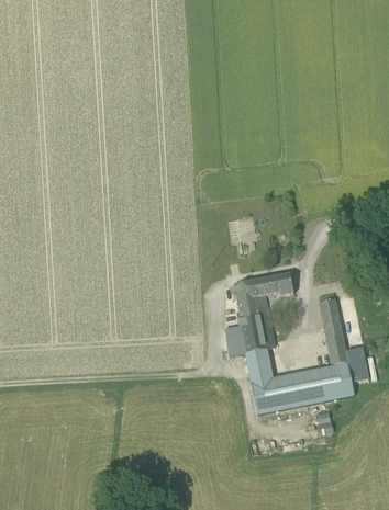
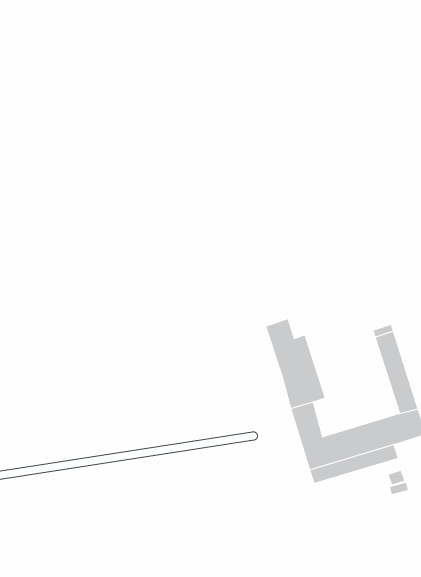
building: [254,274,296,297] -> none
building: [226,326,248,355] -> none

